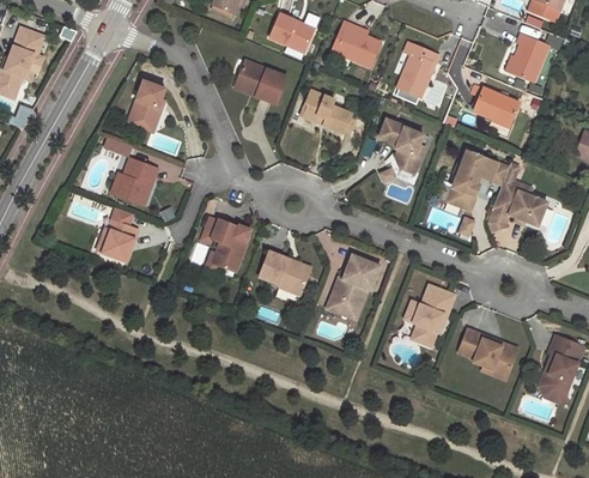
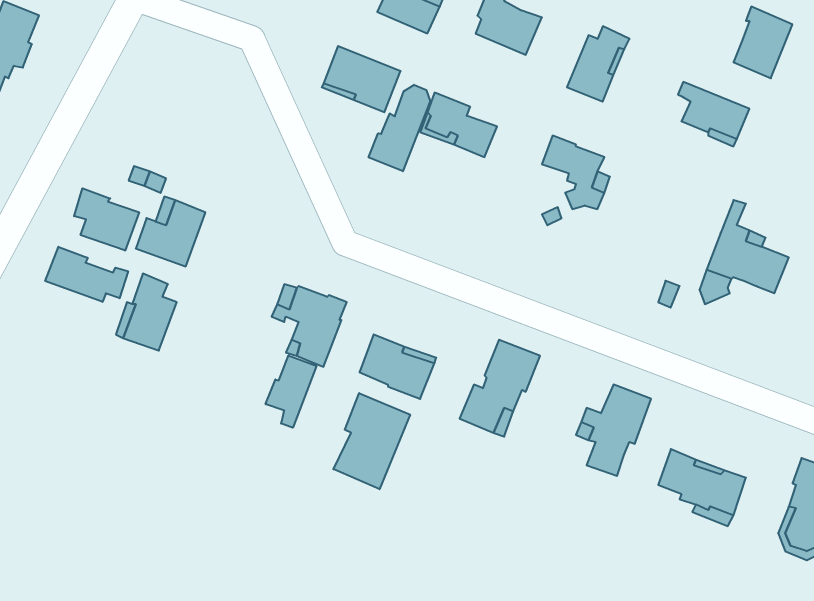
building: [129,81,164,126] -> none
building: none -> [369,85,430,171]
building: [445,149,508,208] -> none
building: none -> [74,188,139,251]
building: none -> [45,247,128,302]
building: none -> [266,355,316,428]
building: none -> [333,393,410,489]

